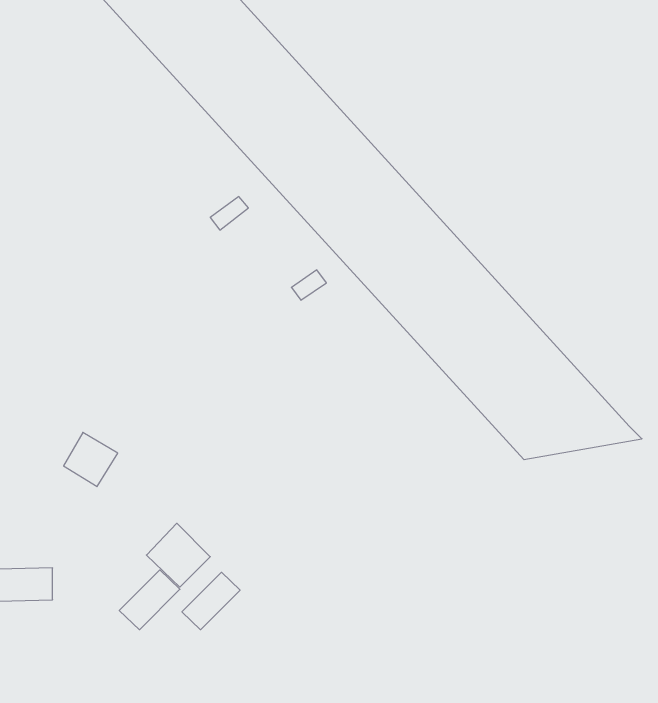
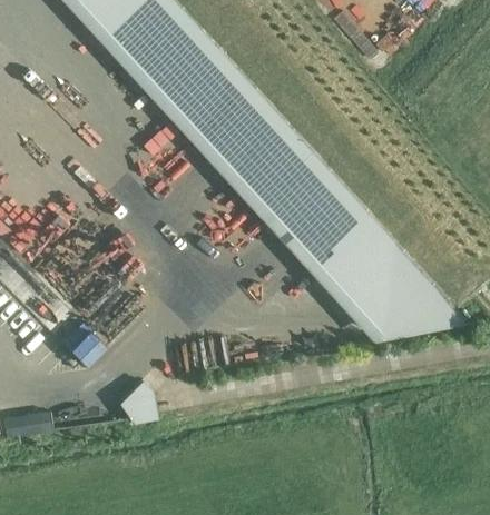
building: [119,570,180,630] -> none
building: [182,572,240,630] -> none

